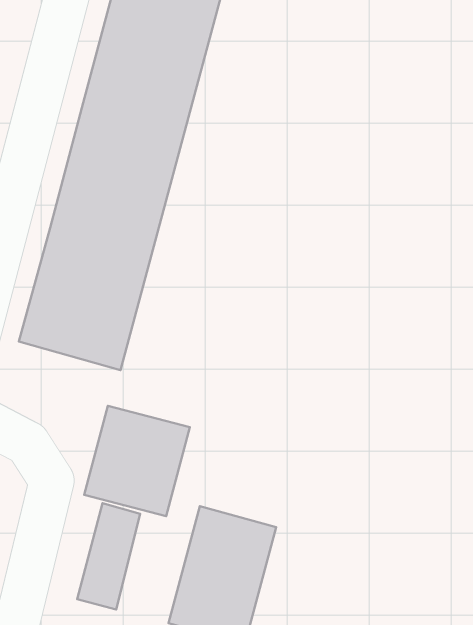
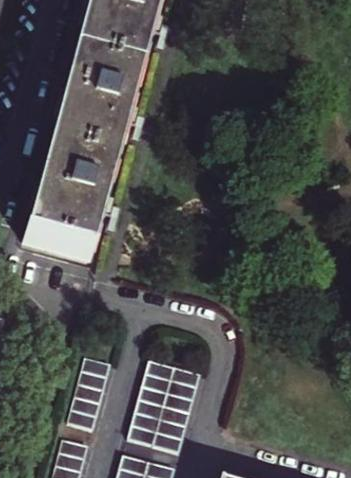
building: [84,406,190,516] -> none

